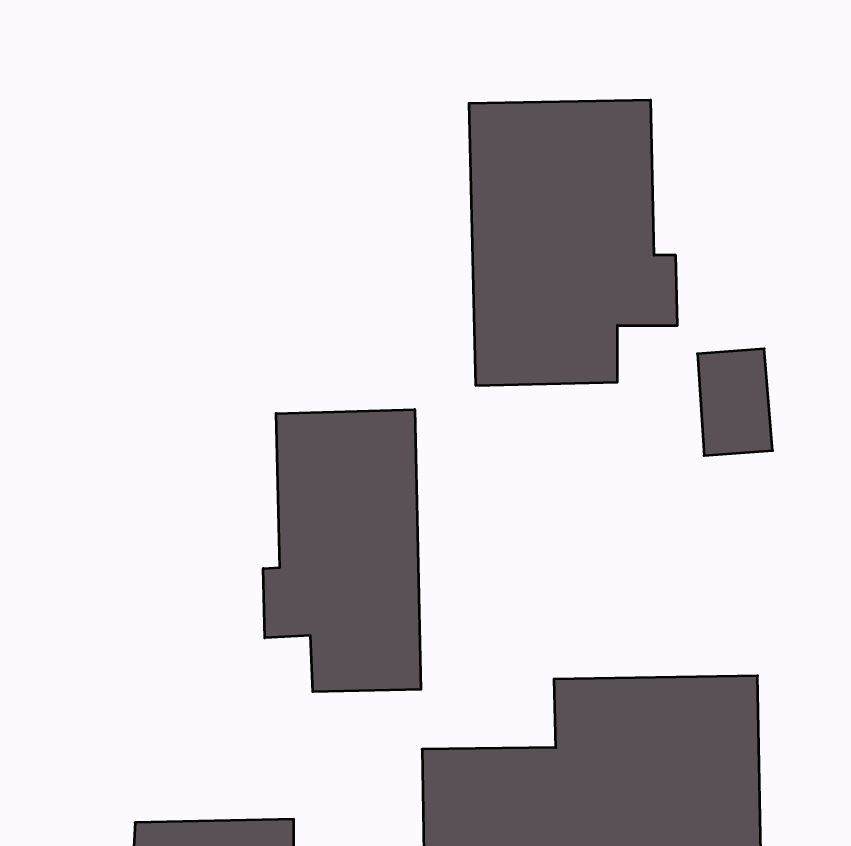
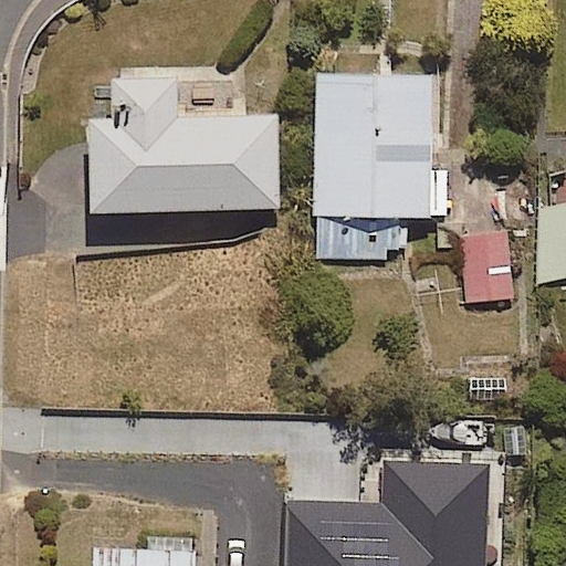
building: none -> [84,81,285,214]
building: [263,409,421,692] -> none

